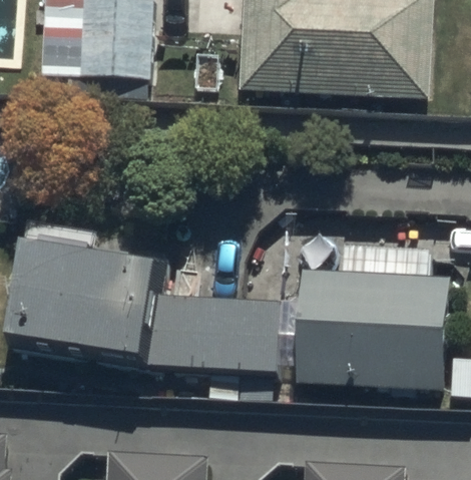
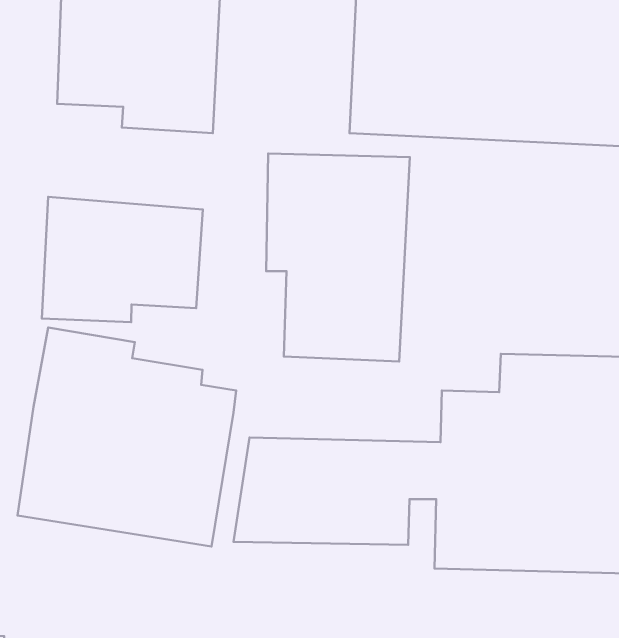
building: none -> [266,153,410,361]
building: none -> [42,197,203,322]

